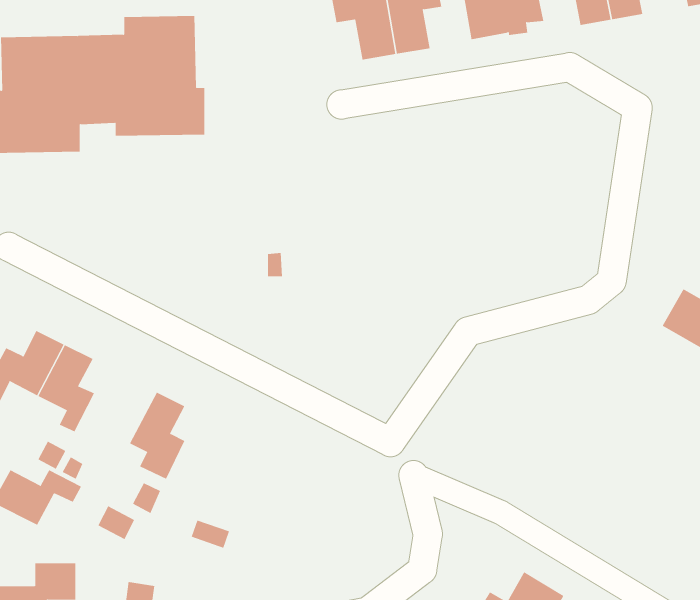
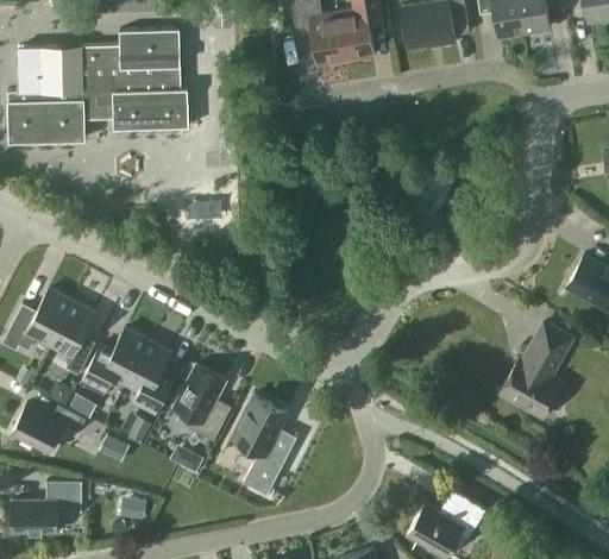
building: none -> [500,324,571,416]
building: none -> [81,328,147,392]
building: none -> [174,365,227,440]
building: none -> [232,395,290,495]

